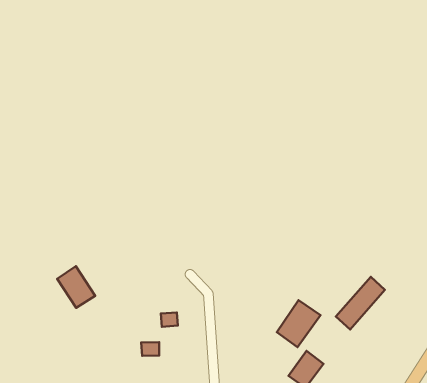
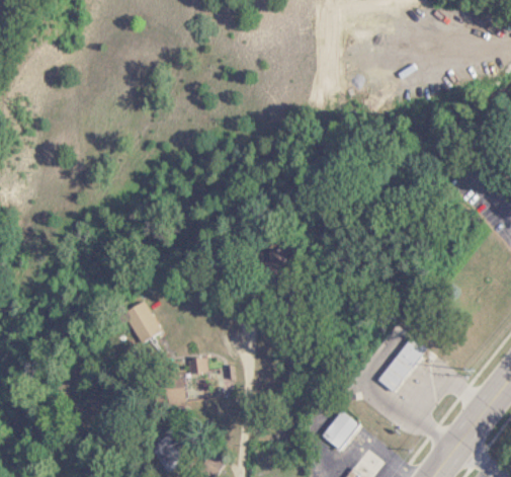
building: [57,266,95,308] -> [122,300,162,344]
building: [277,300,320,347] -> none

